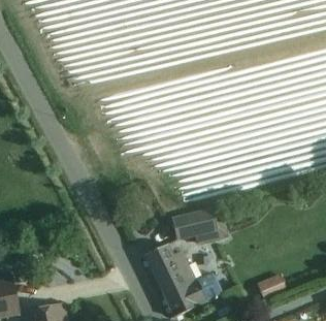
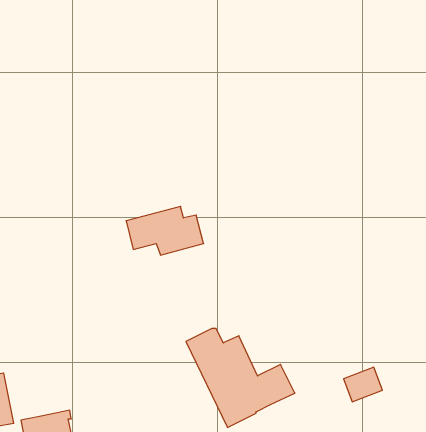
building: [173,207,229,243] -> [126,206,204,255]

